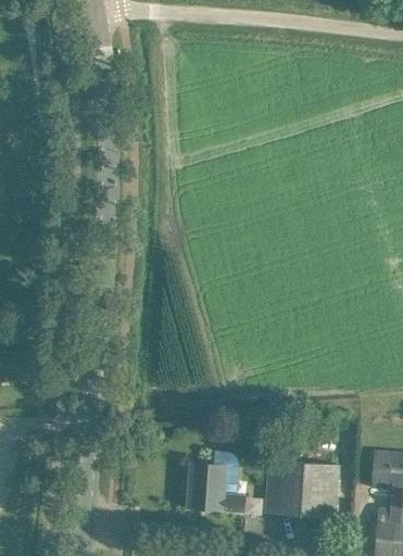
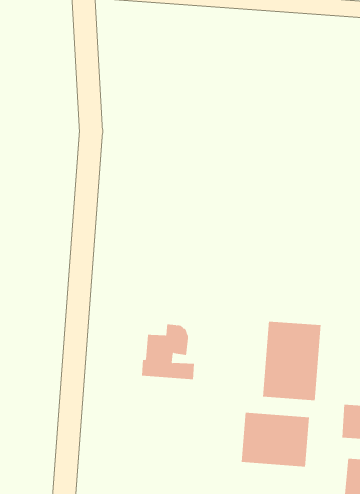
building: none -> [262,321,321,401]
building: [187,452,244,511] -> [141,324,195,380]

